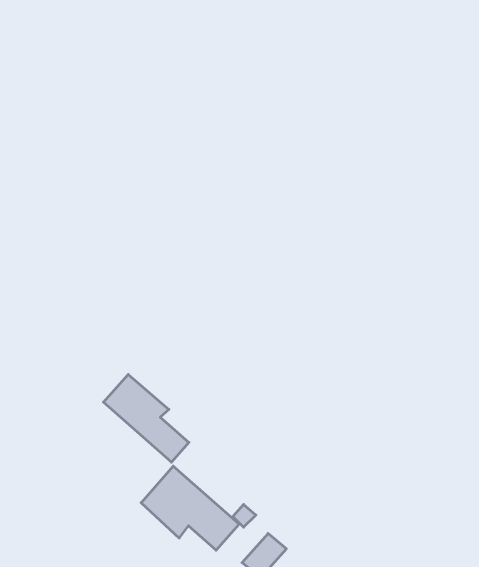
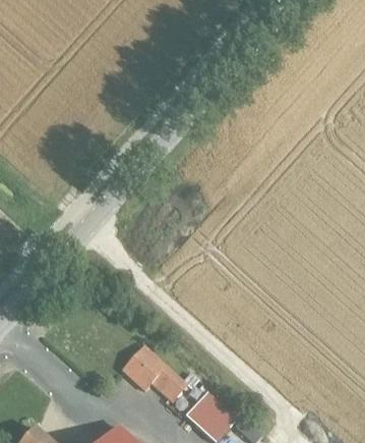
building: [103,374,189,462] -> none

